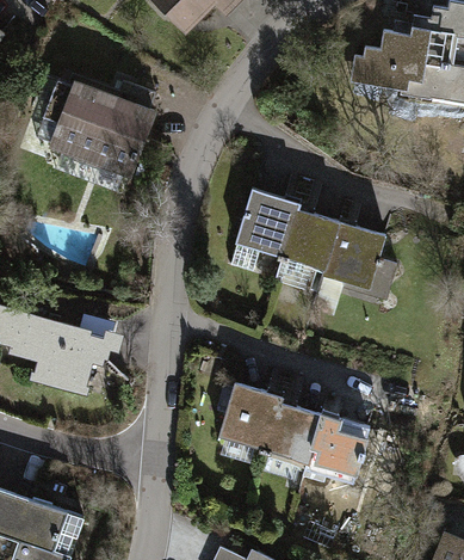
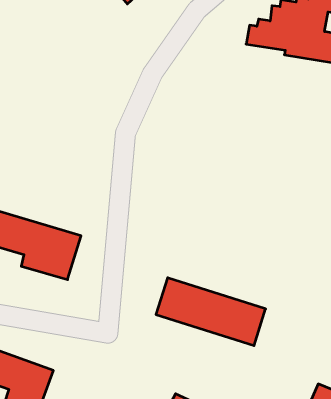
building: [31,80,149,176] -> none
building: [236,198,389,291] -> none

